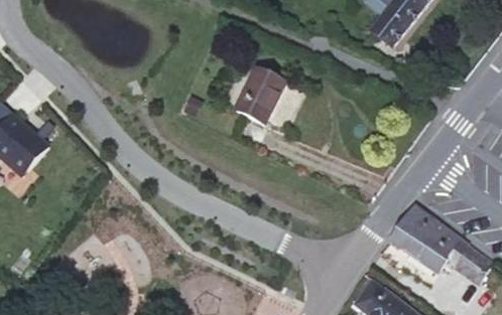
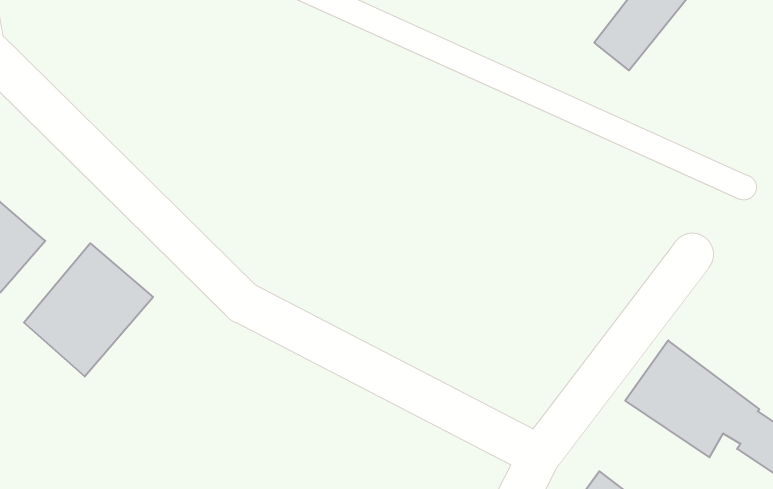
building: [236,67,285,124] -> none
building: none -> [24,243,153,377]

